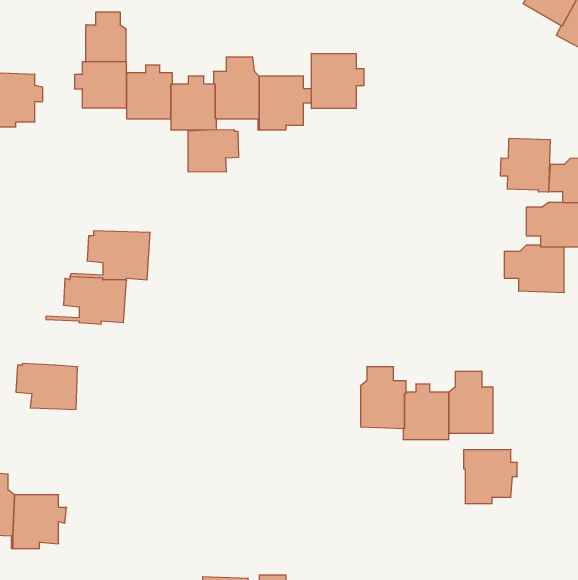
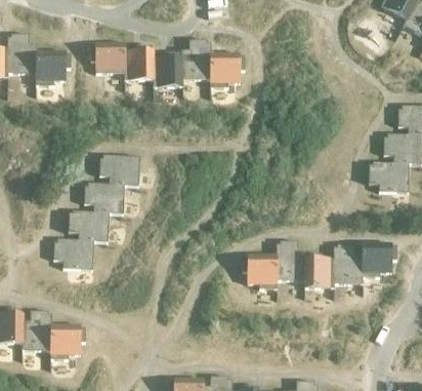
building: [86,12,126,62] -> none
building: [311,53,364,109] -> none
building: [188,130,238,172] -> none
building: [501,138,550,192] -> none
building: none -> [56,210,108,241]
building: none -> [242,253,276,289]
building: [464,450,517,503] -> [361,242,395,277]

